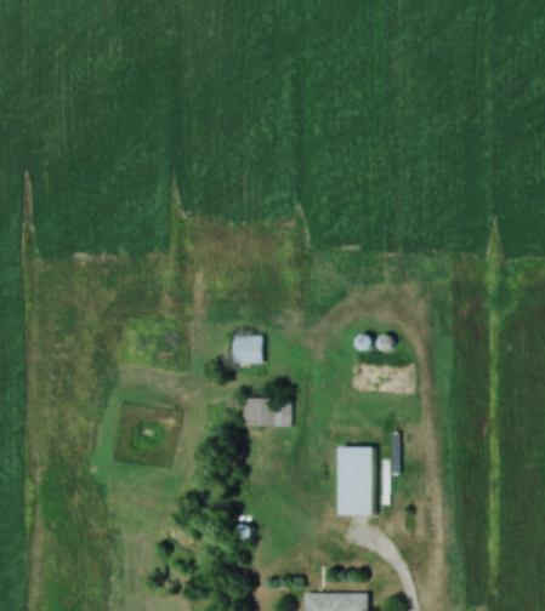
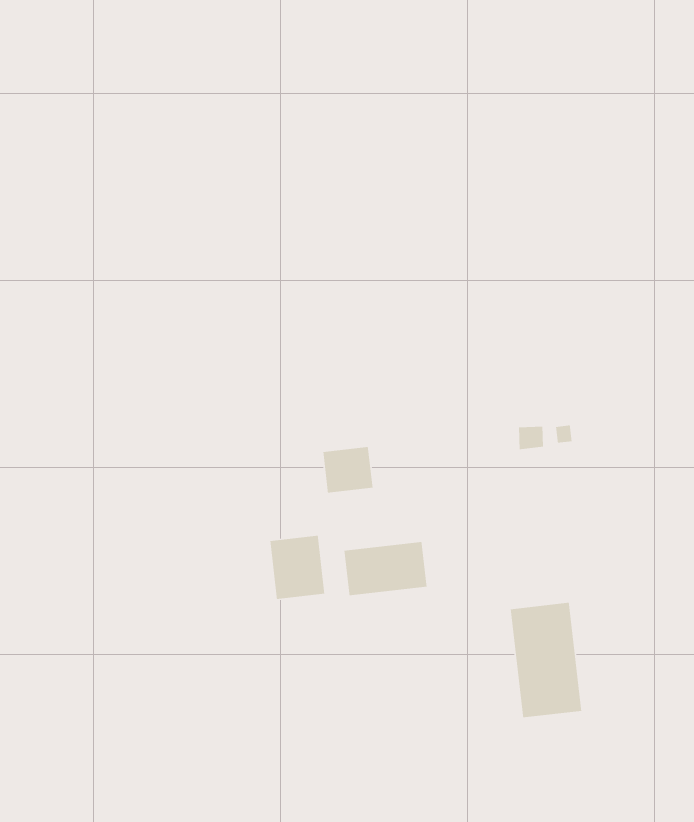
building: none -> [269,535,325,600]

